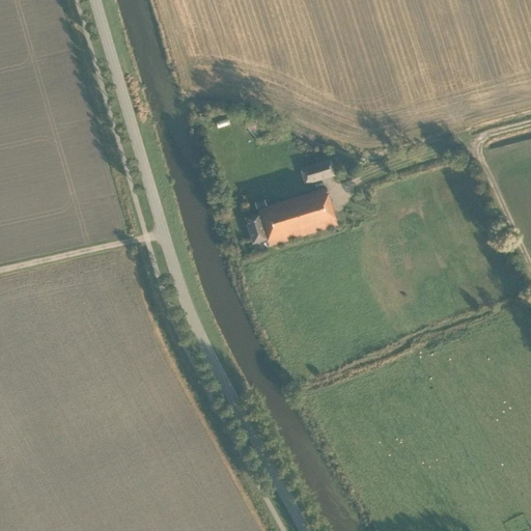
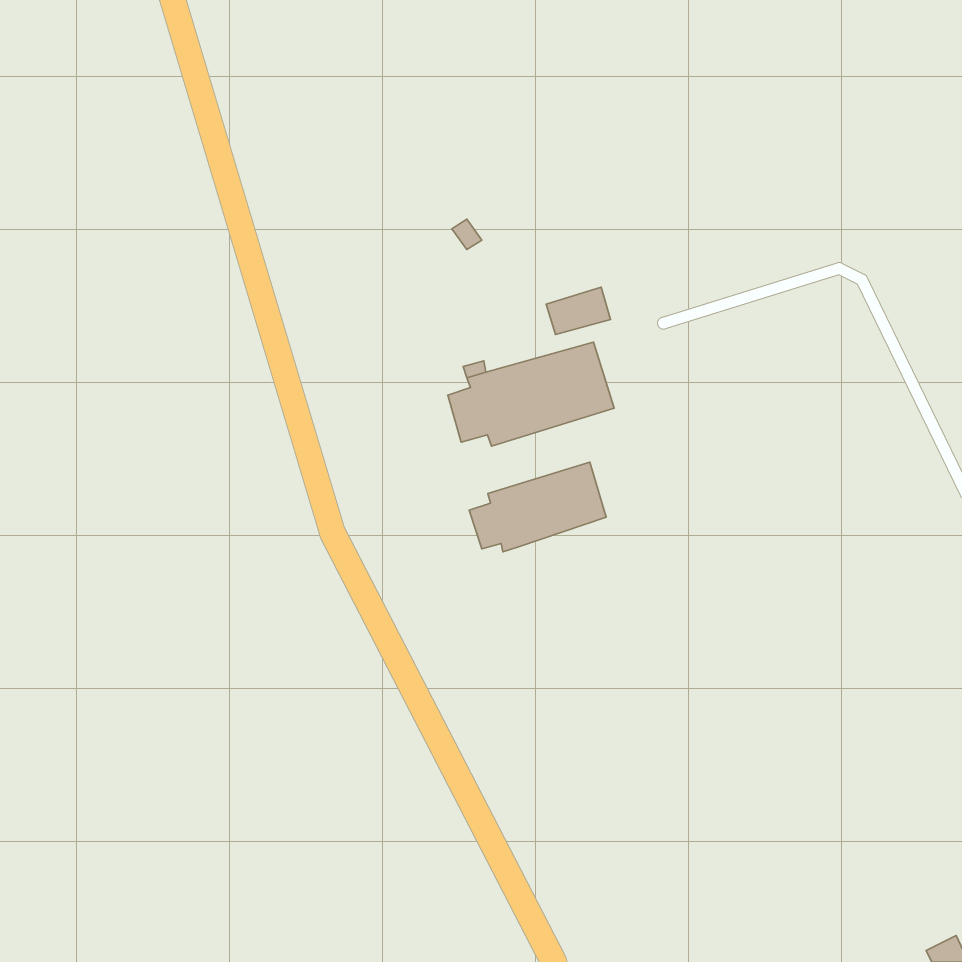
building: none -> [469,462,606,552]

